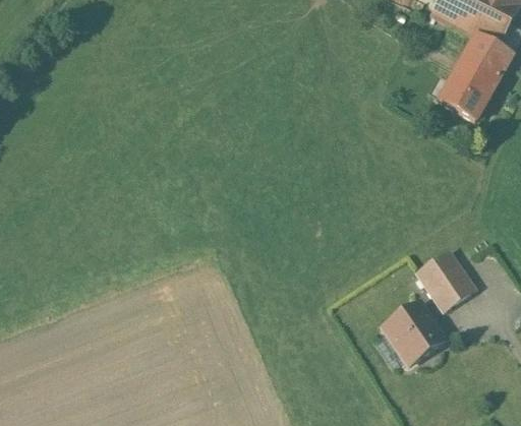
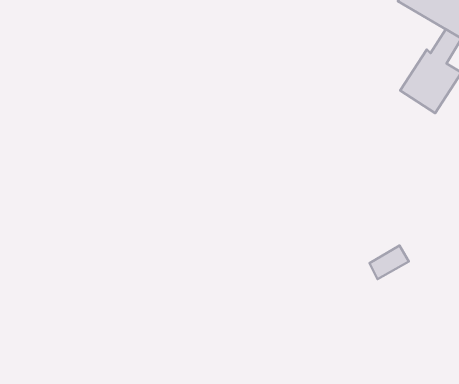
building: [428,268,471,307] -> none
building: [383,303,444,364] -> none

